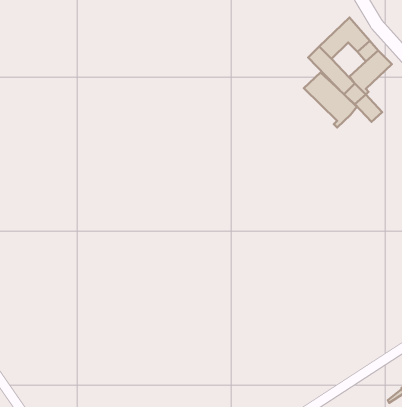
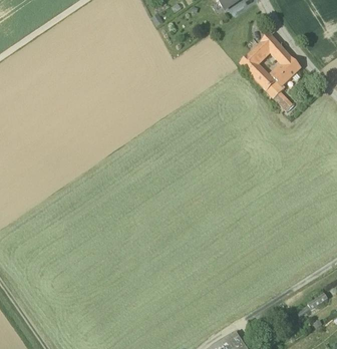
building: [304,72,357,128] -> none

